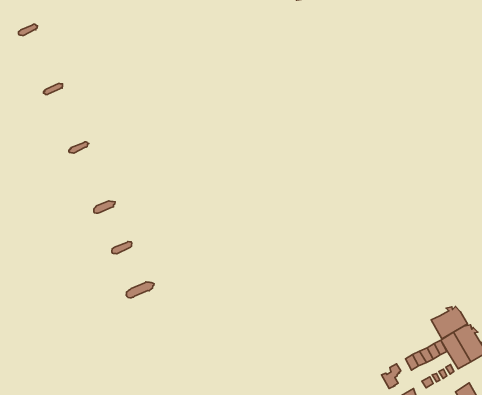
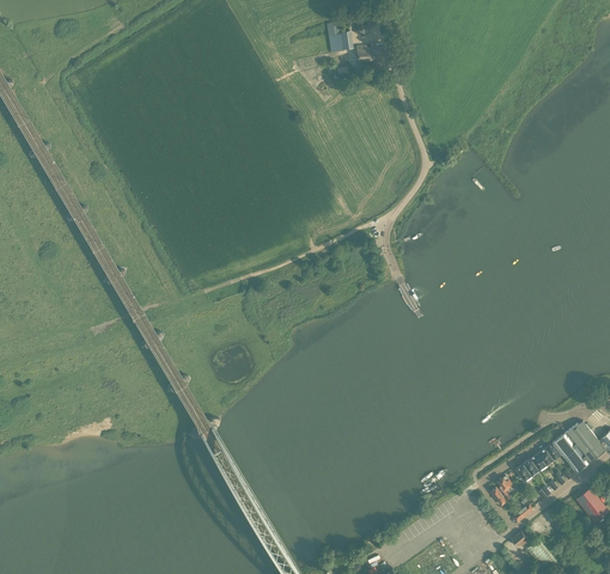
building: [431,306,468,339] -> none

